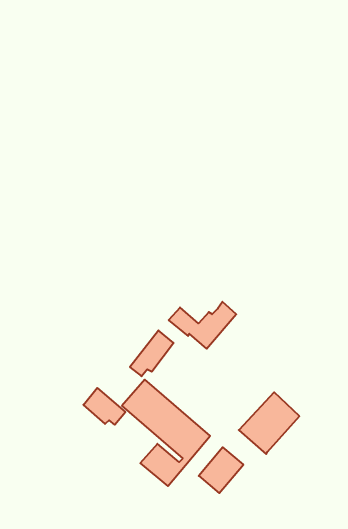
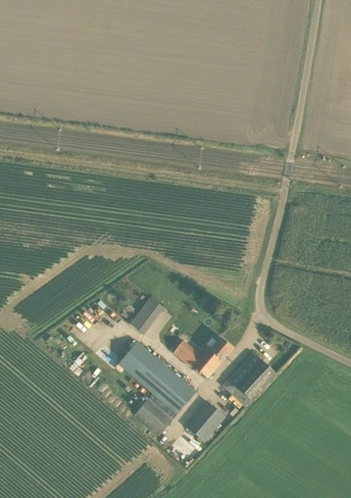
building: [169,302,236,349] -> [172,336,233,378]
building: [83,388,125,425] -> none

